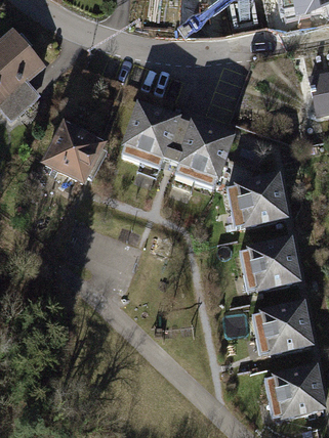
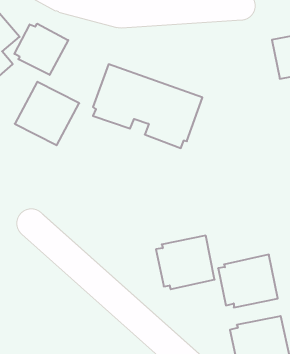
building: none -> [14,24,68,75]
building: [227,171,290,228] -> none
building: [240,235,301,292] -> [156,236,215,289]

